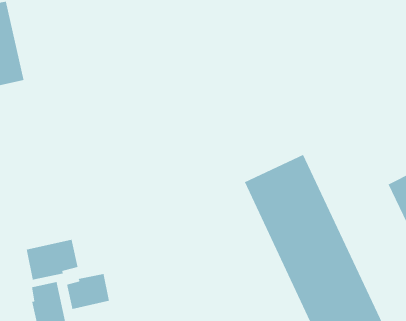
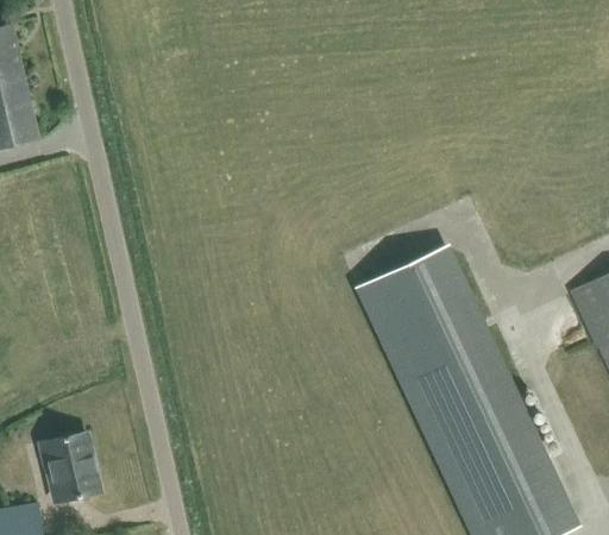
building: [26,239,78,281] -> none
building: [66,273,110,310] -> none

